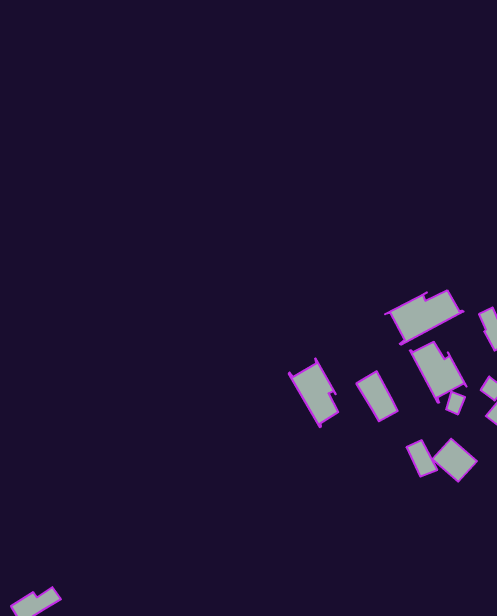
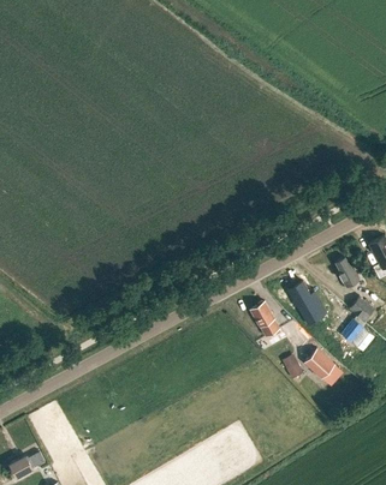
building: [385,290,464,345] -> none
building: [289,358,338,427] -> none

